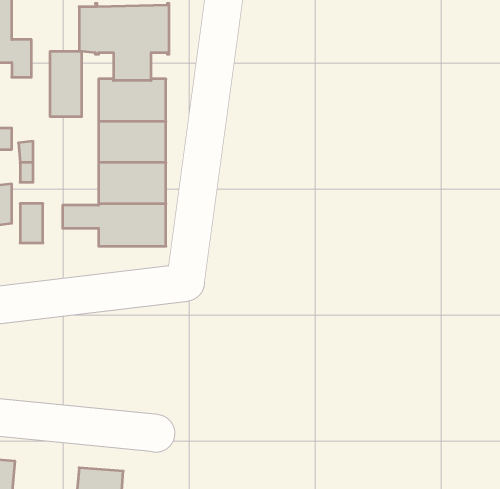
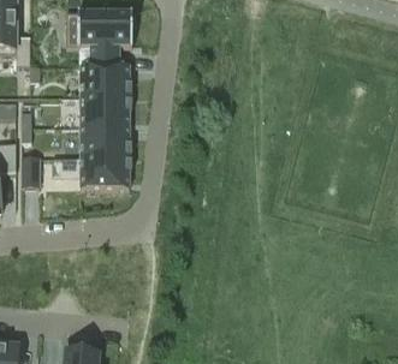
building: [50,51,82,117] -> none

